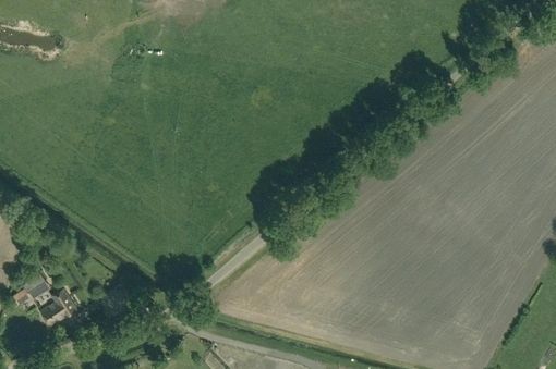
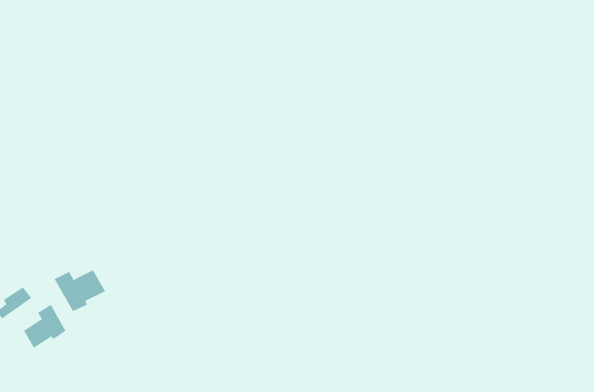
building: none -> [54,270,106,312]

